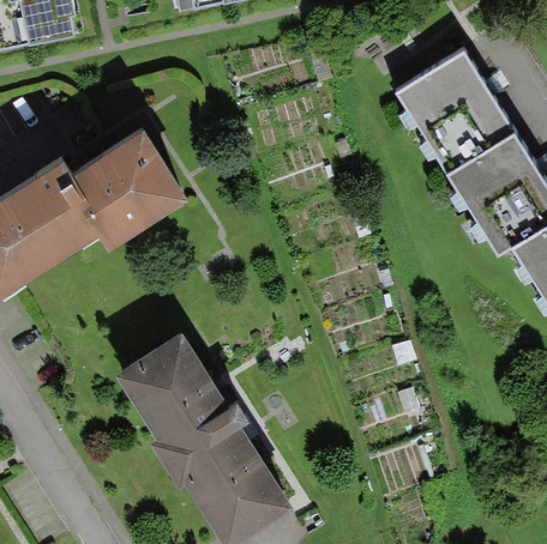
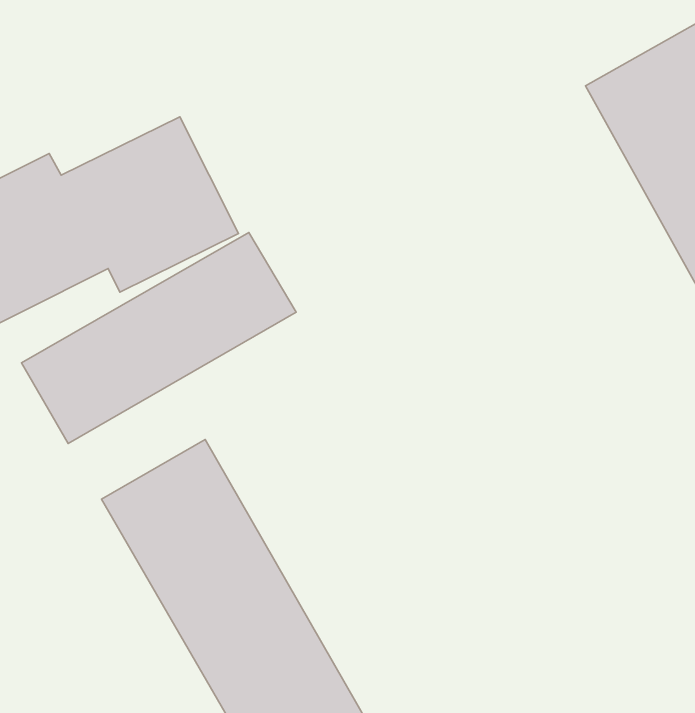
building: none -> [21,233,296,444]

